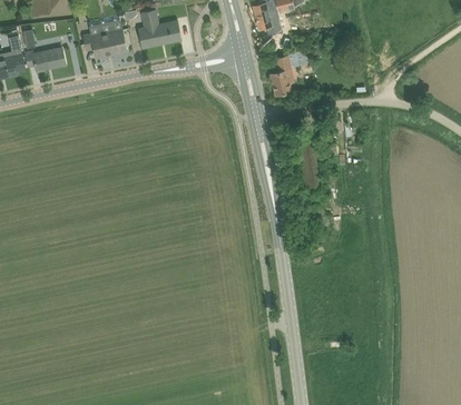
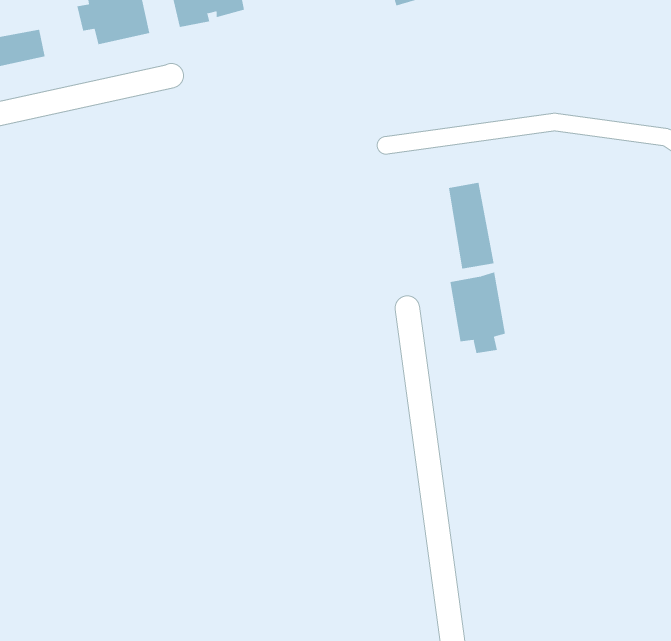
building: [269,56,293,96] -> none
building: none -> [450,271,506,354]

